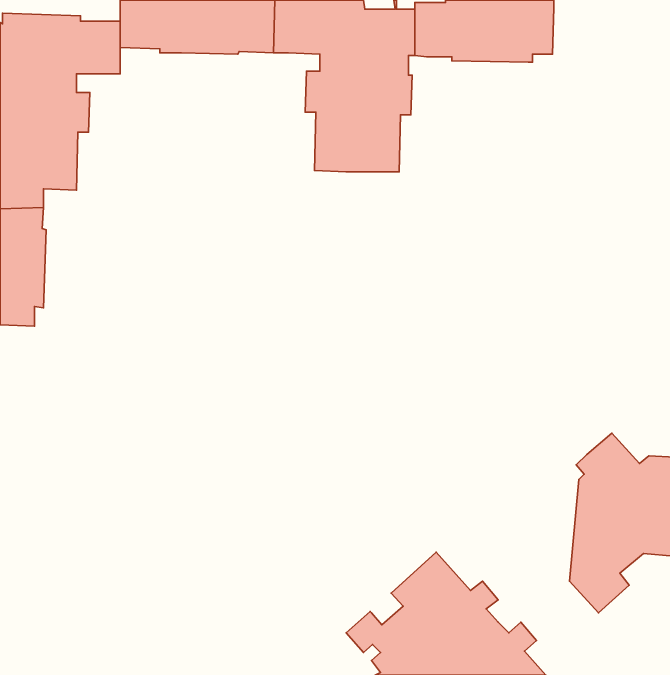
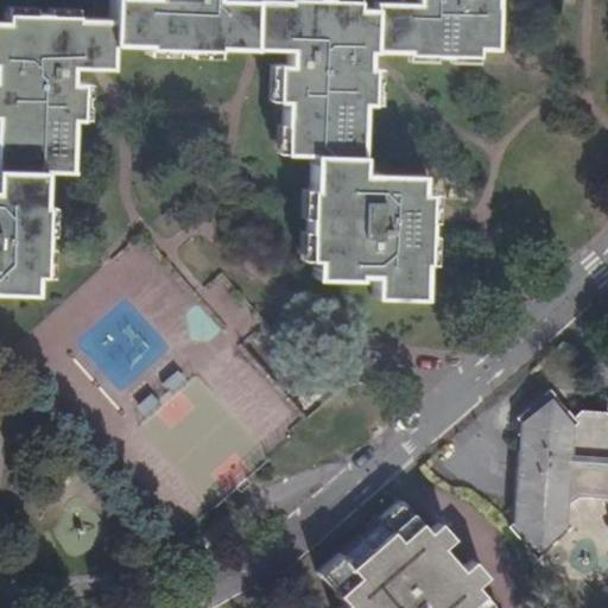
building: none -> [310,154,432,297]

